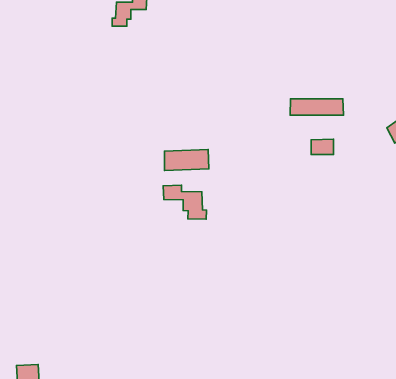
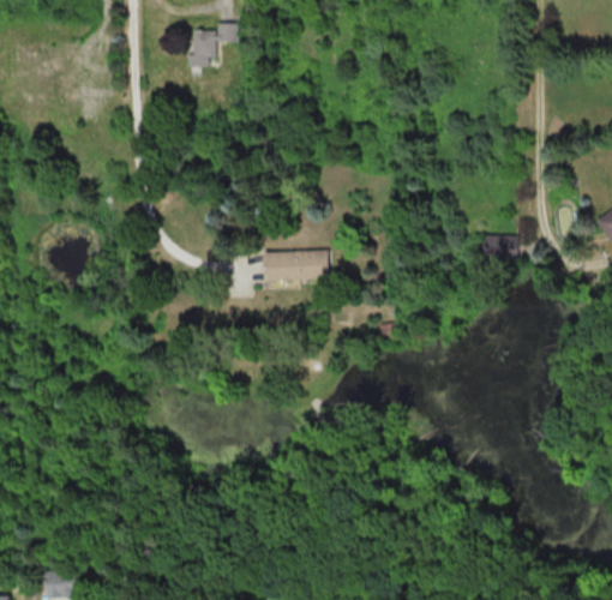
building: [290,99,344,115] -> none
building: [163,185,206,219] -> none

